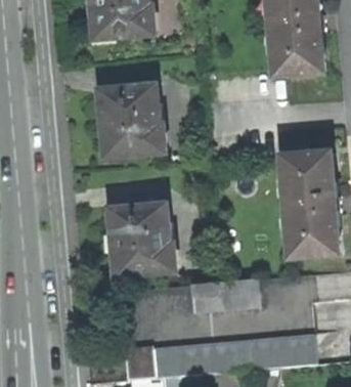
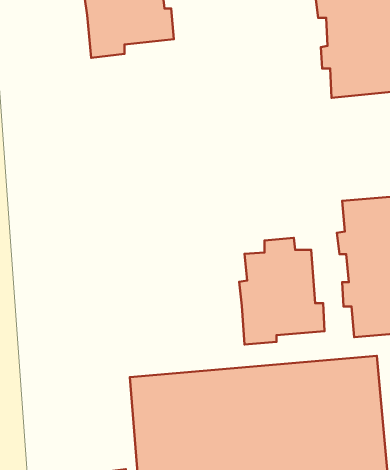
building: [96,78,164,160] -> none
building: [105,198,171,280] -> [239,238,324,345]

